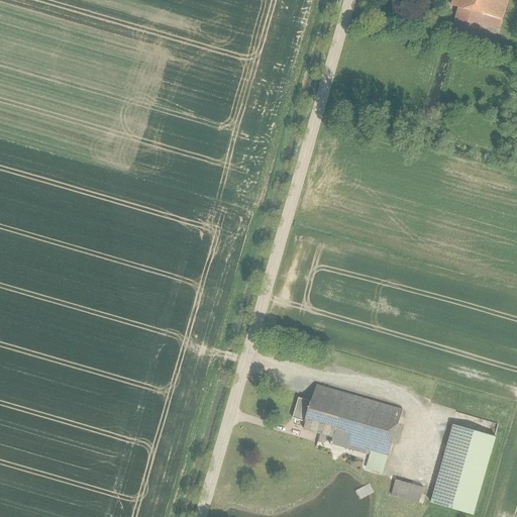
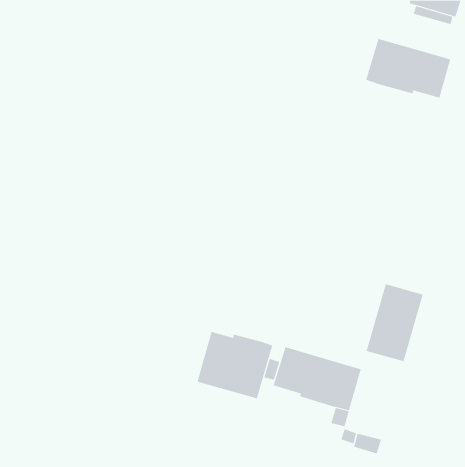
building: none -> [365,38,451,99]
building: none -> [197,331,273,399]
building: [430,425,494,512] -> [366,283,423,362]

